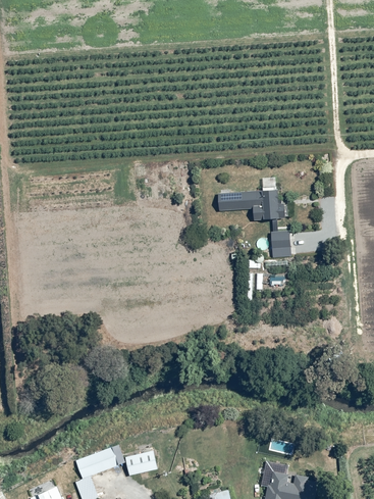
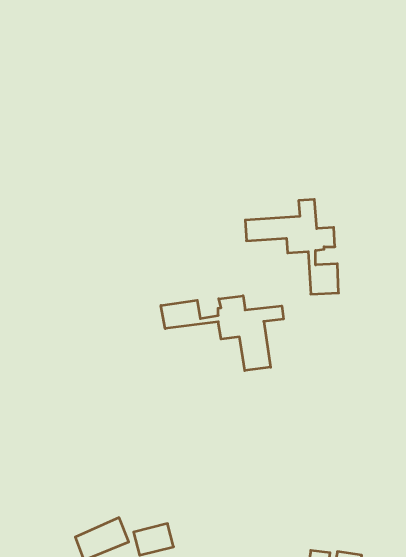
building: none -> [161,296,283,371]

